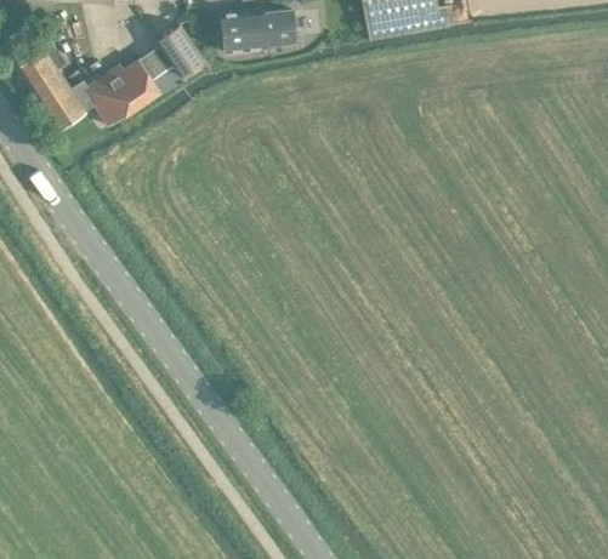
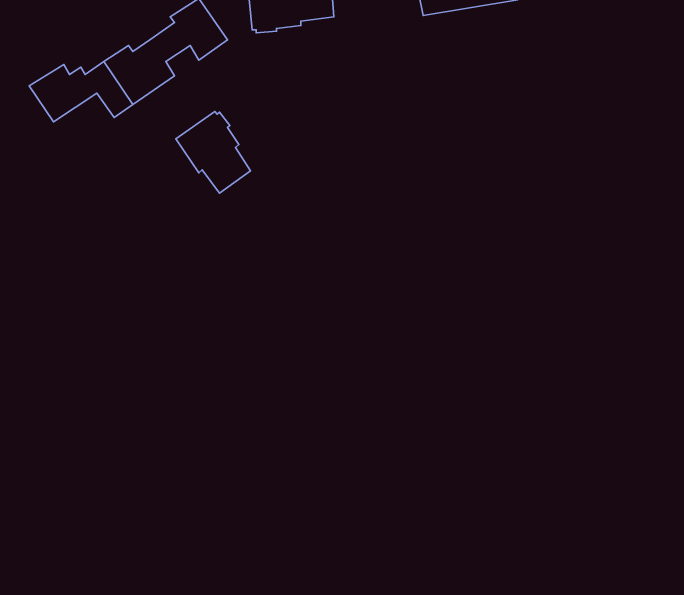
building: [18,45,67,98] -> none
building: none -> [176,111,251,193]

